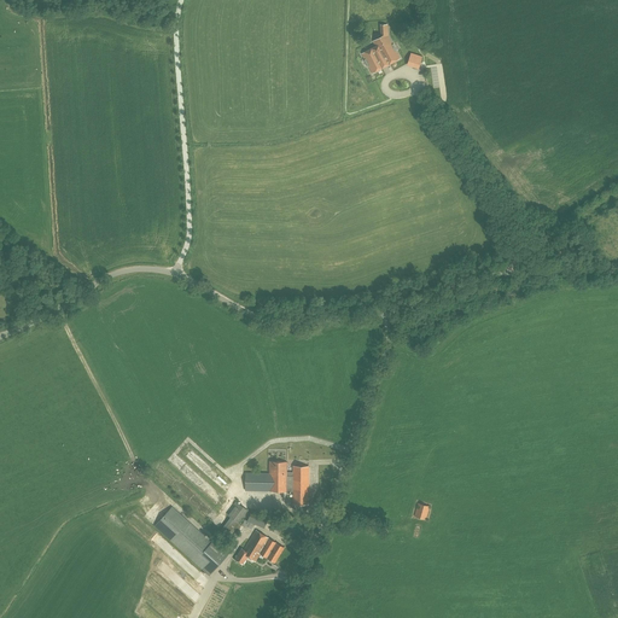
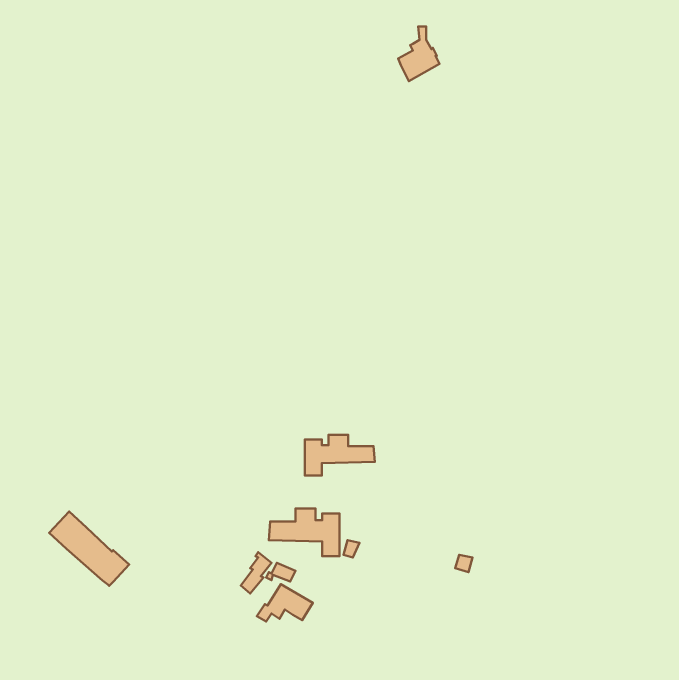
building: none -> [305,435,375,476]
building: [153,507,226,575] -> [49,511,129,586]

